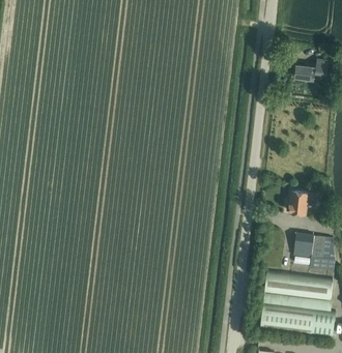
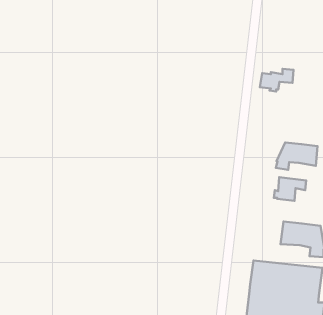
building: [294,60,326,82] -> [260,69,293,92]
building: none -> [276,142,318,170]

